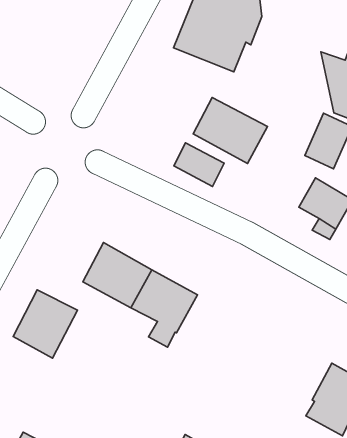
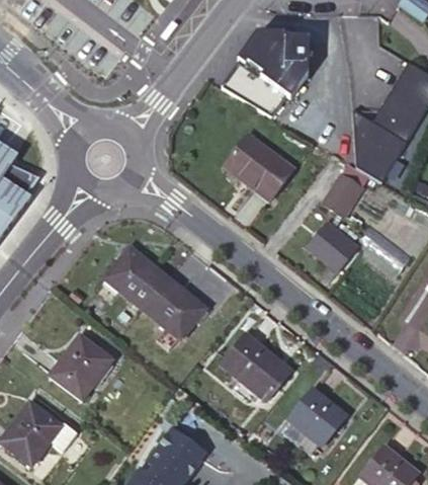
building: [174,143,224,186] -> none
building: [13,290,77,358] -> [52,334,112,397]
building: none -> [223,333,288,397]

